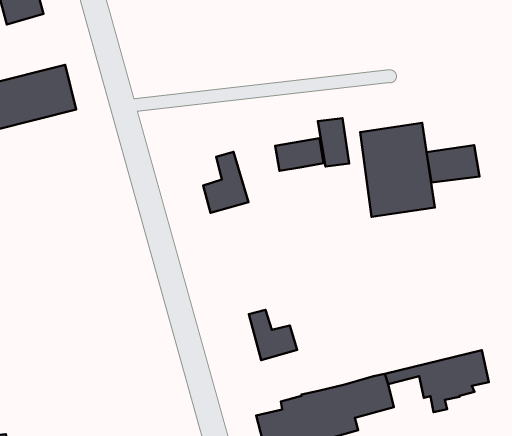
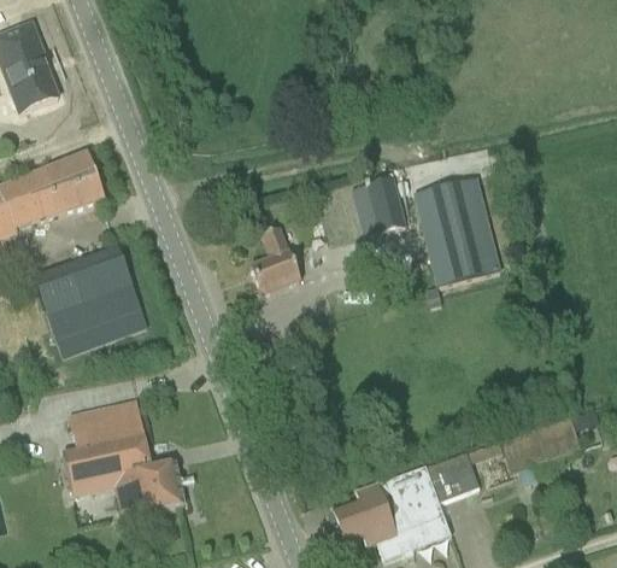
building: [427,145,479,182] -> none
building: none -> [35,246,146,357]
building: none -> [63,399,183,517]
building: [249,310,297,360] -> none

